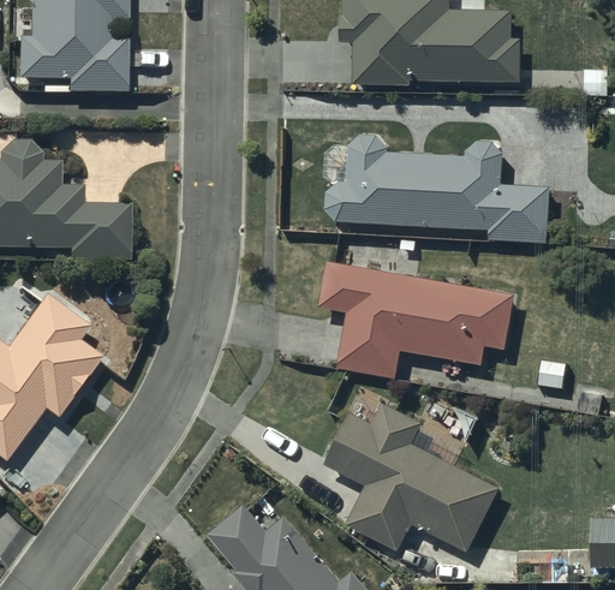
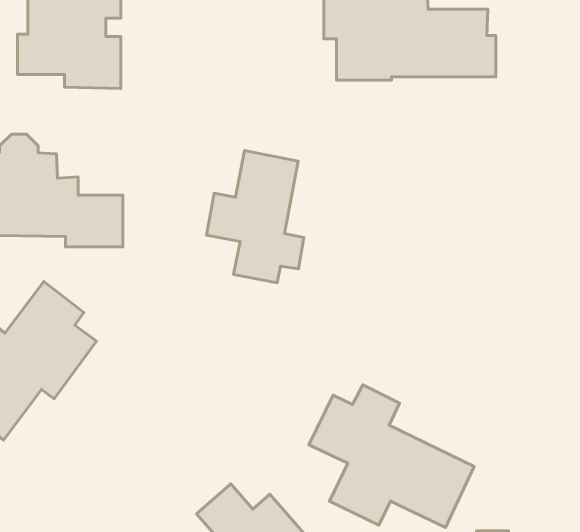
building: [326,135,549,238] -> none
building: none -> [206,151,304,283]
building: [318,261,514,377] -> none

